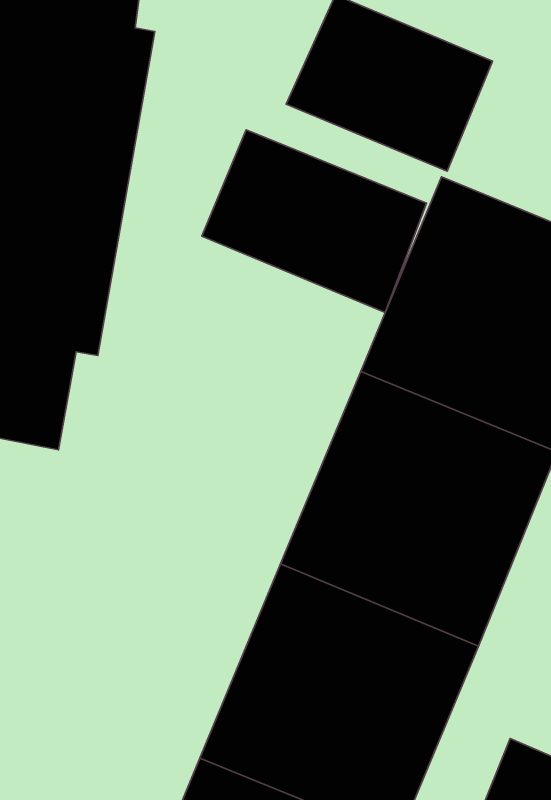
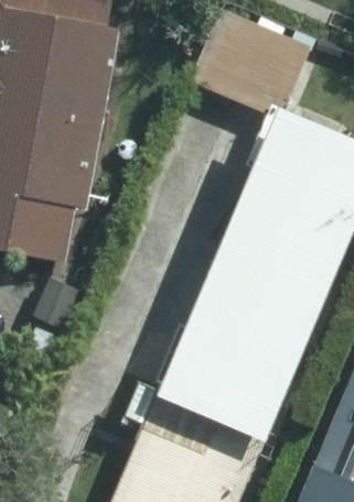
building: [202,130,427,312] -> none

